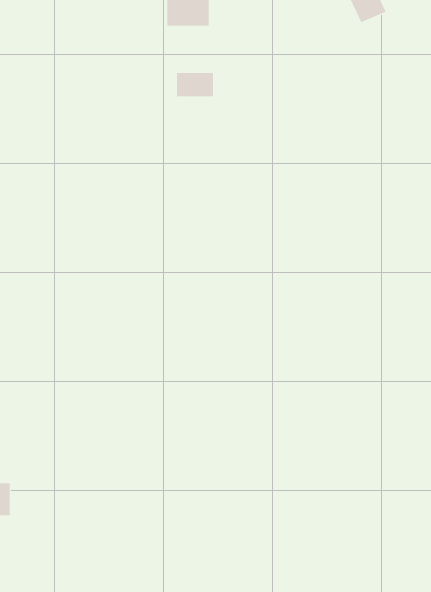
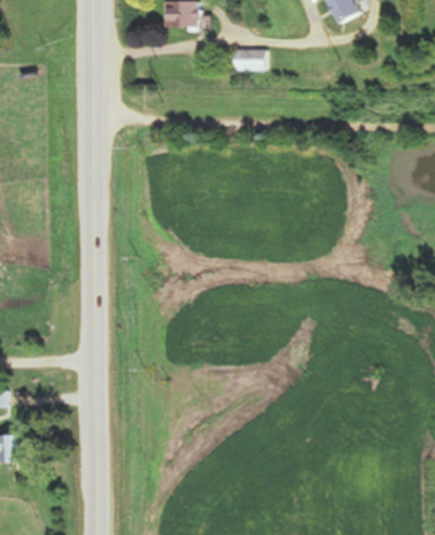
building: [176,73,214,97] -> [231,49,265,71]

